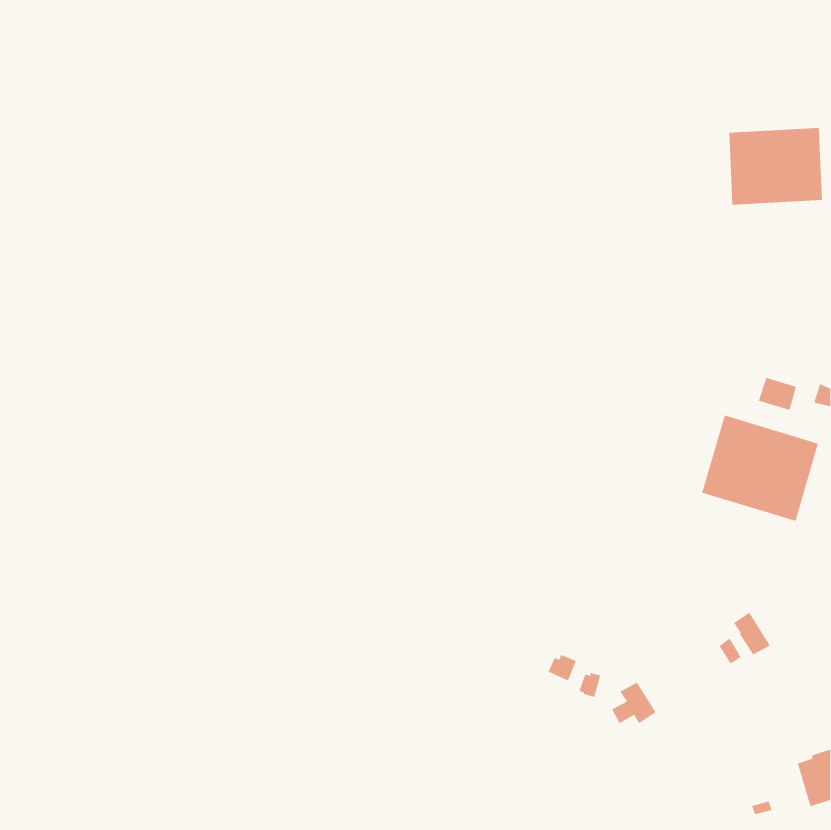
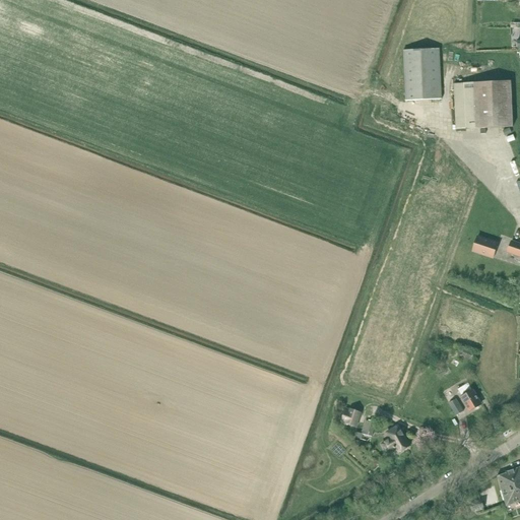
building: none -> [402,47,441,100]
building: [701,415,819,522] -> none

